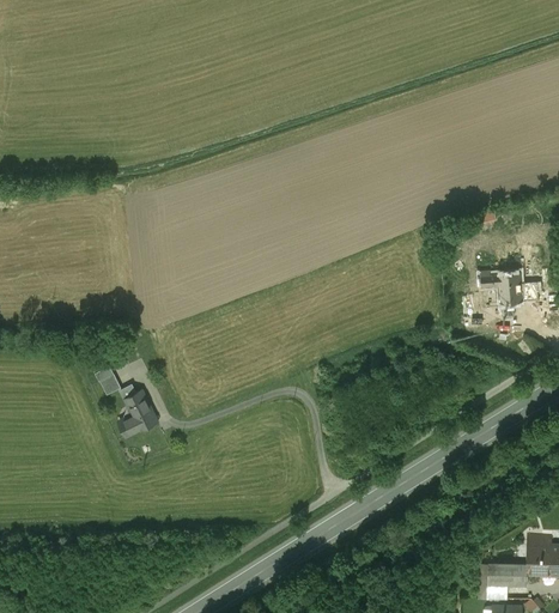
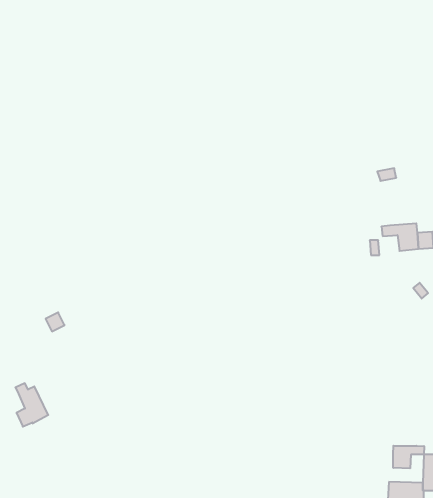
building: [120,386,157,435] -> [15,383,48,427]
building: none -> [393,446,424,468]

